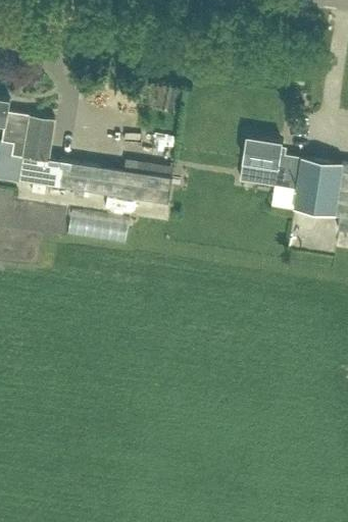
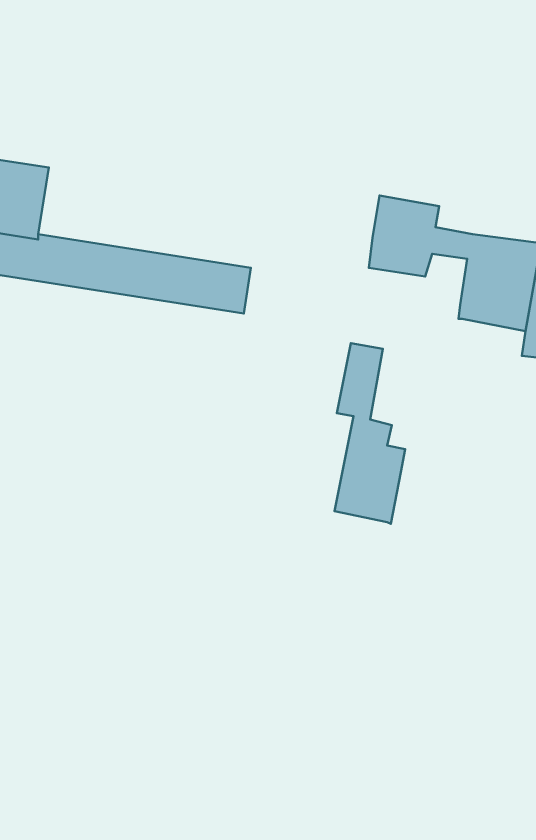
building: none -> [335,343,405,524]

